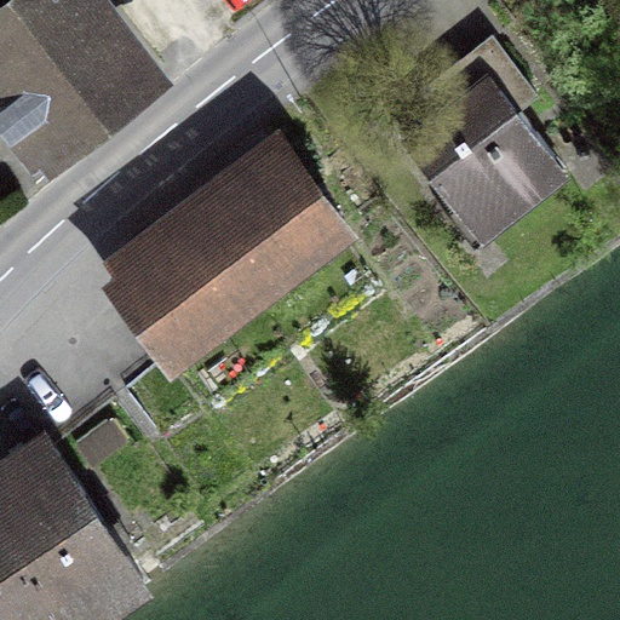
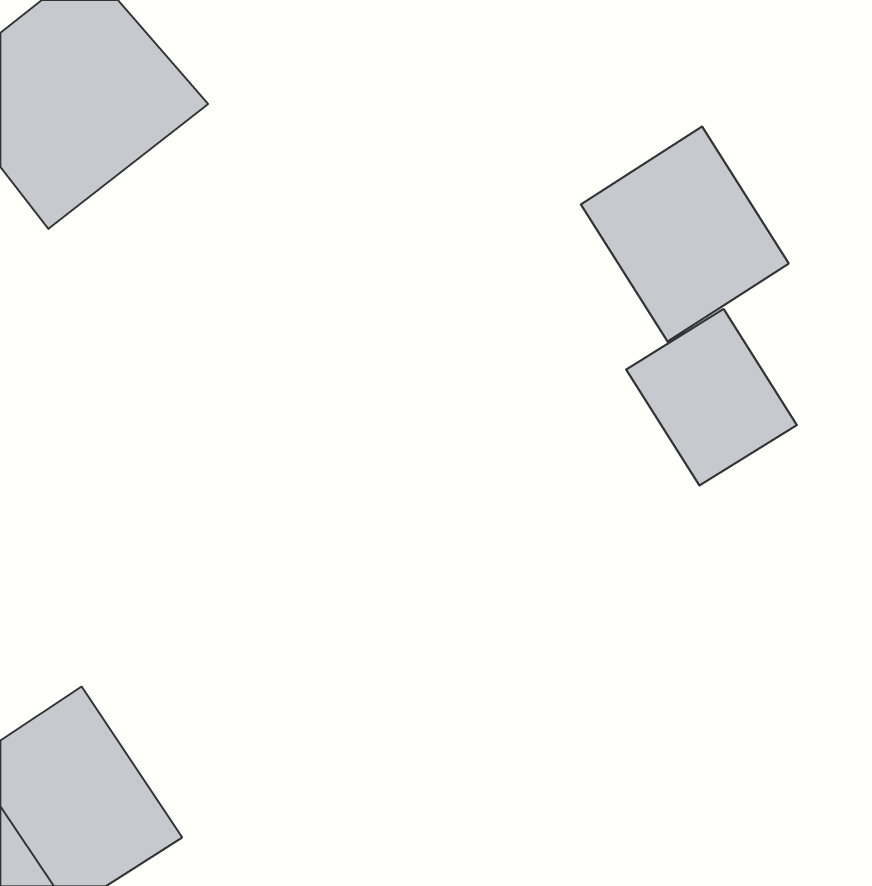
building: [121,160,345,357] -> none
building: none -> [626,309,797,486]

